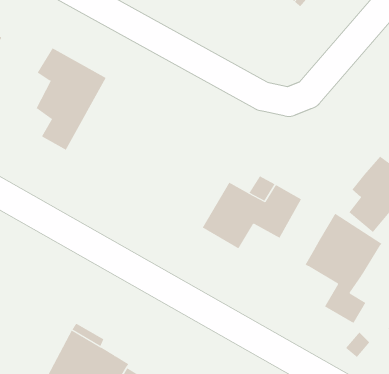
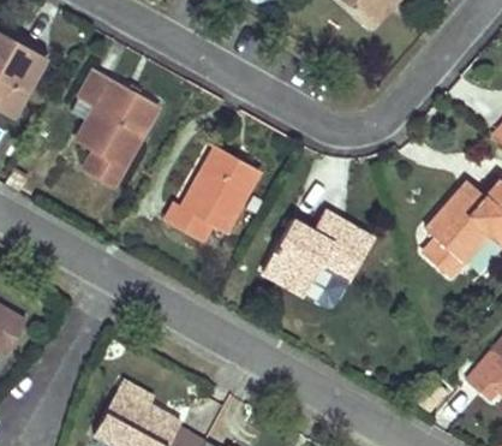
building: none -> [165,145,259,240]
building: [305,213,383,324] -> none

